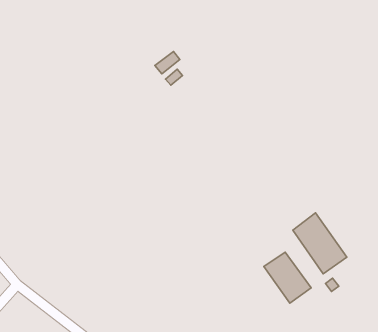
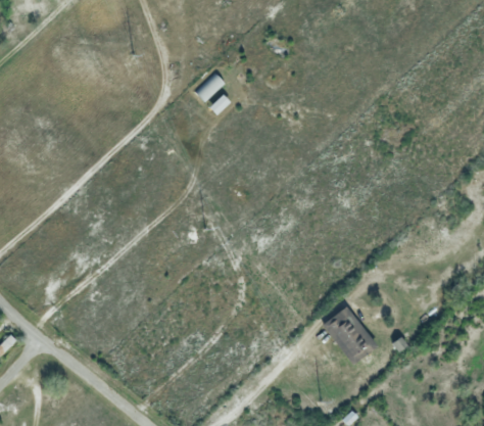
building: [293,213,347,274] -> none

